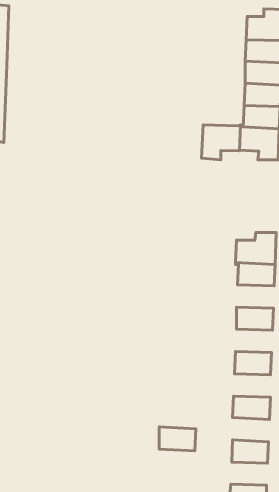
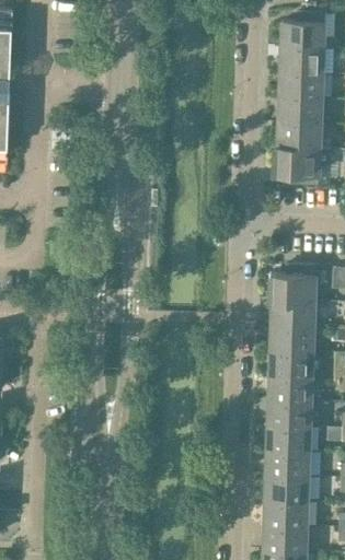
building: [201,125,240,160] -> none
building: none -> [271,325,313,351]
building: none -> [269,375,311,401]
building: none -> [267,425,309,452]
building: [159,427,196,451] -> [266,475,308,502]
building: none -> [264,525,306,551]

